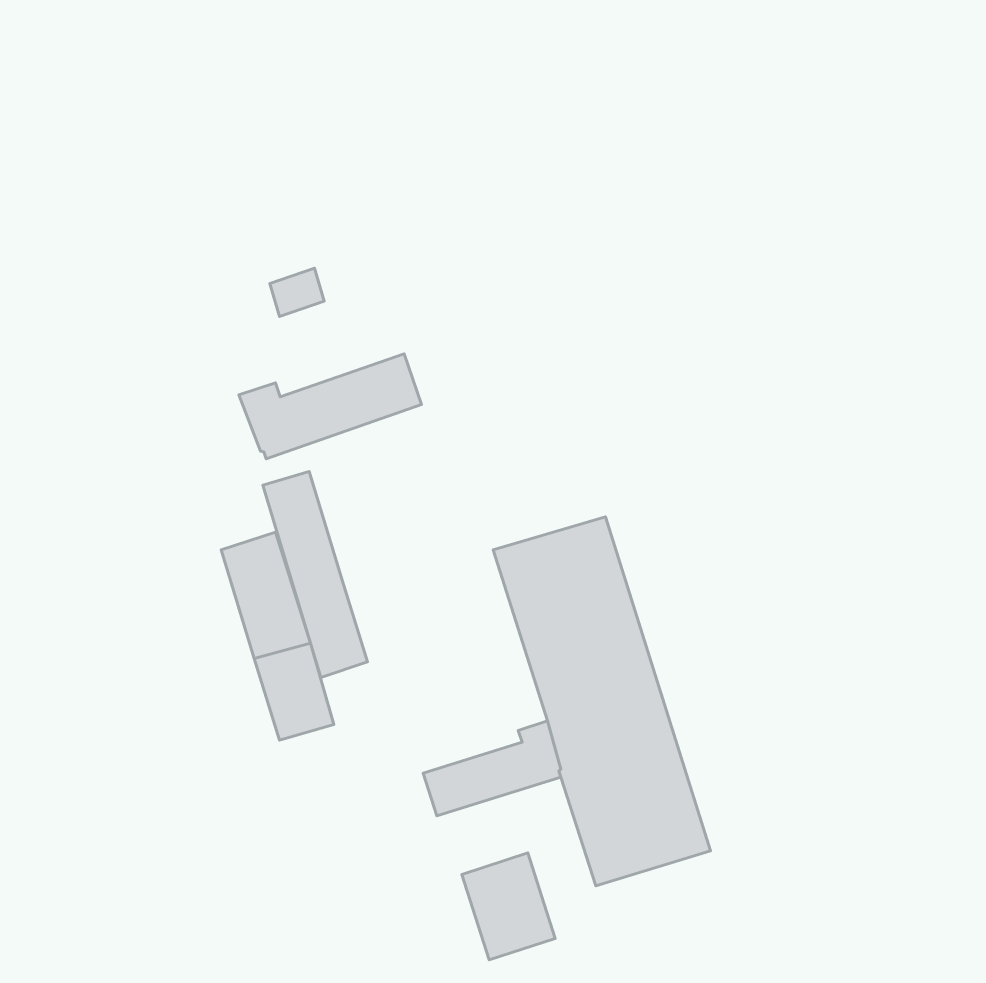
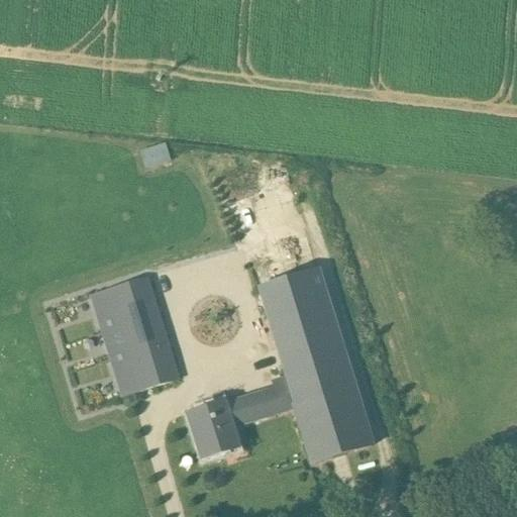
building: [239,354,422,459] -> none
building: [263,471,368,677] -> [94,286,148,393]
building: [462,853,555,960] -> [189,402,237,457]

